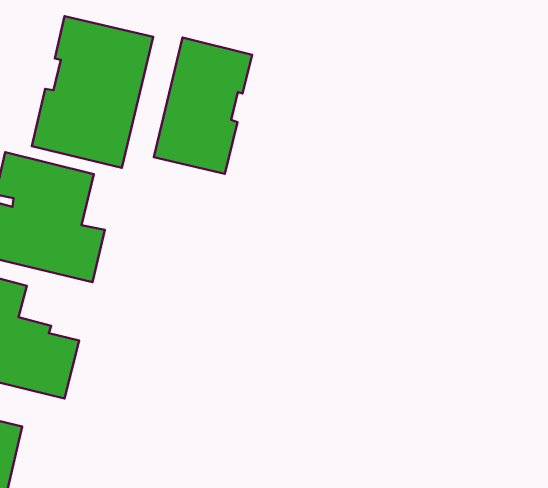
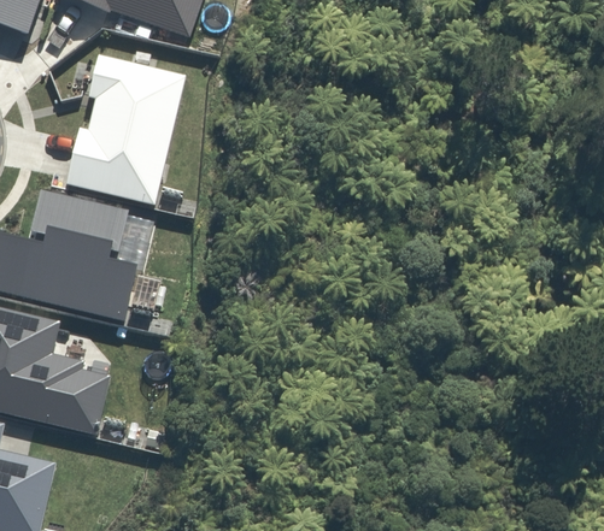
building: [154,37,252,174] -> none

